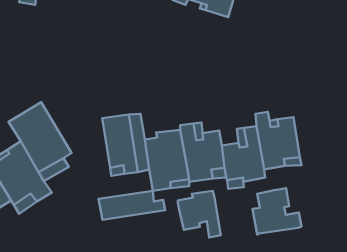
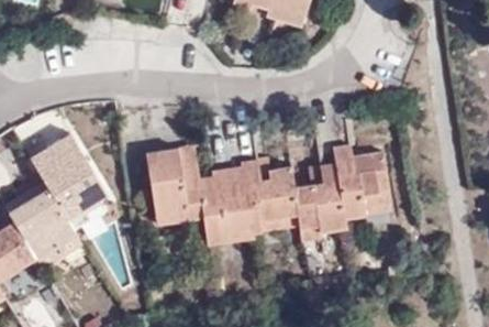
building: [253,188,302,234] -> none
building: [178,191,221,237] -> none
building: [99,191,165,220] -> none

